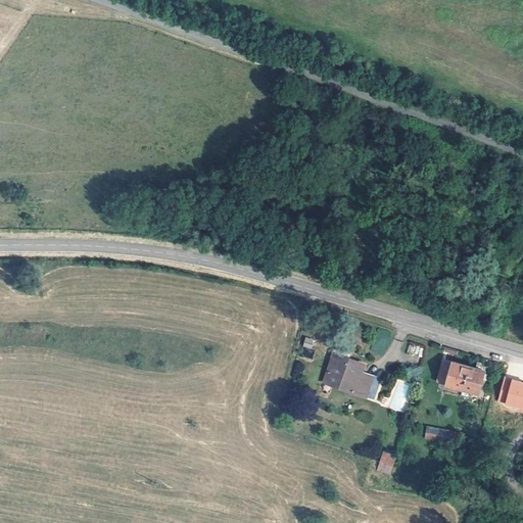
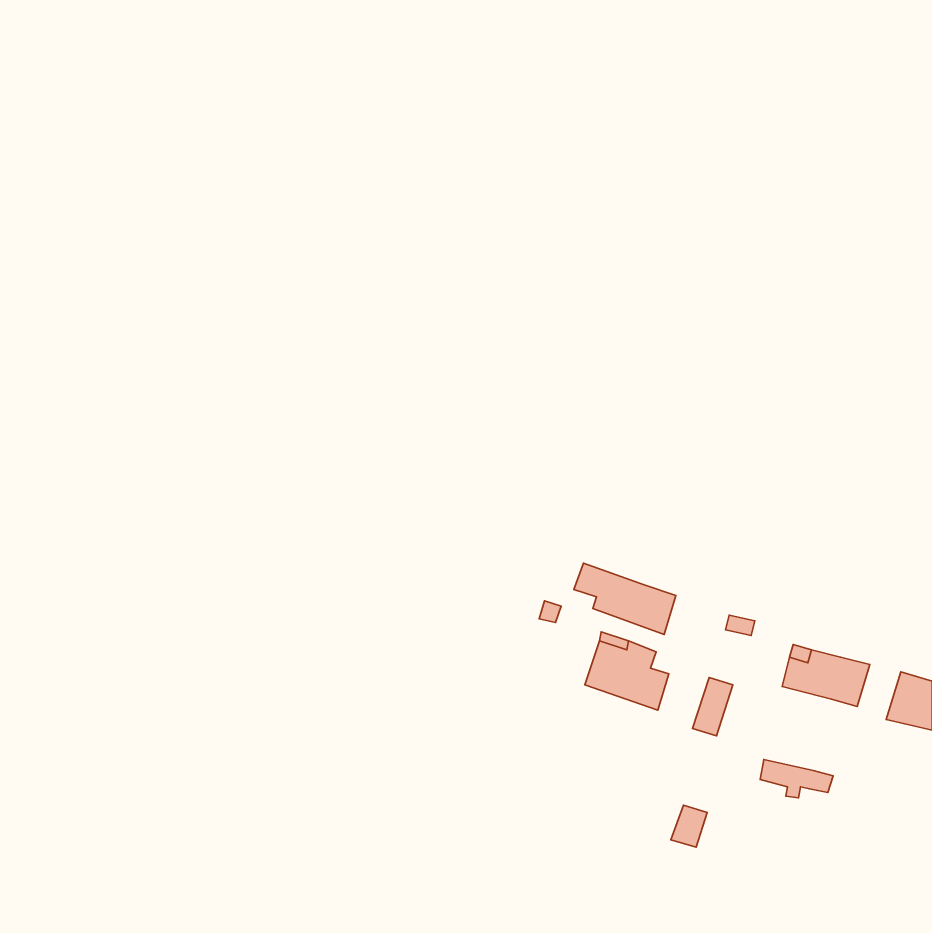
building: none -> [574,563,676,635]

